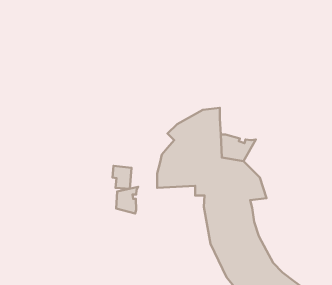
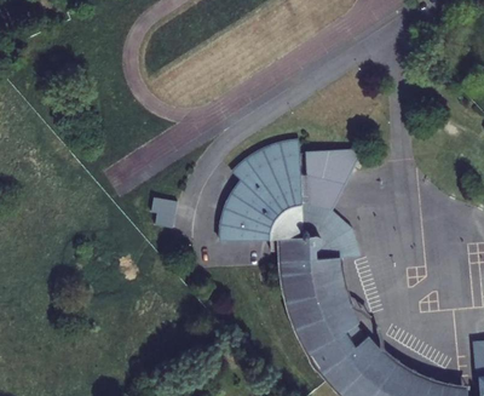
building: none -> [305,150,361,184]
building: [116,187,138,213] -> none

